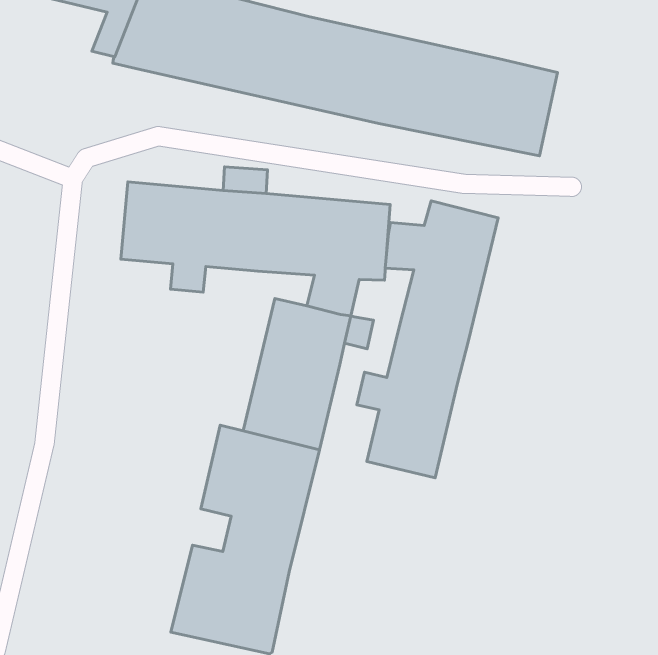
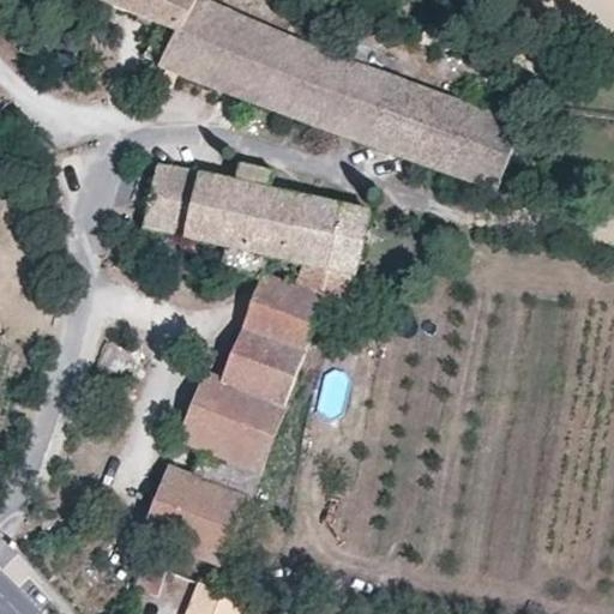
building: [357,201,498,478] -> none

